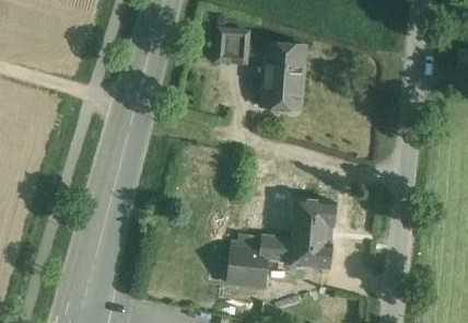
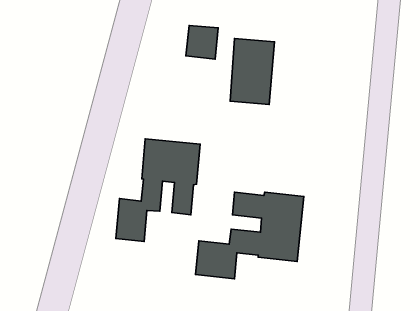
building: none -> [116,139,200,242]

